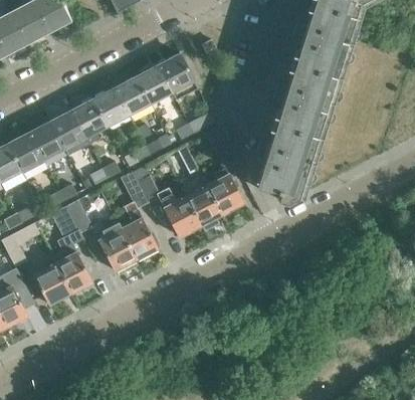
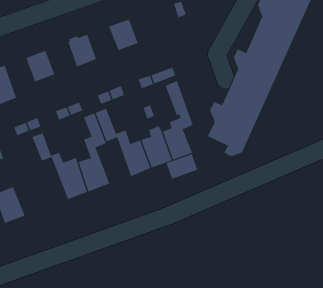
building: [157,53,197,99] -> none
building: [114,76,149,114] -> none
building: [70,97,106,136] -> none
building: [28,122,62,158] -> none
building: none -> [166,154,198,179]
building: [53,206,92,292] -> none

